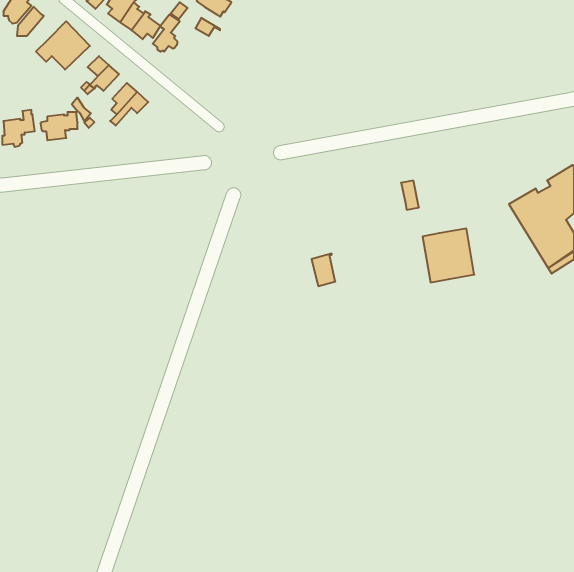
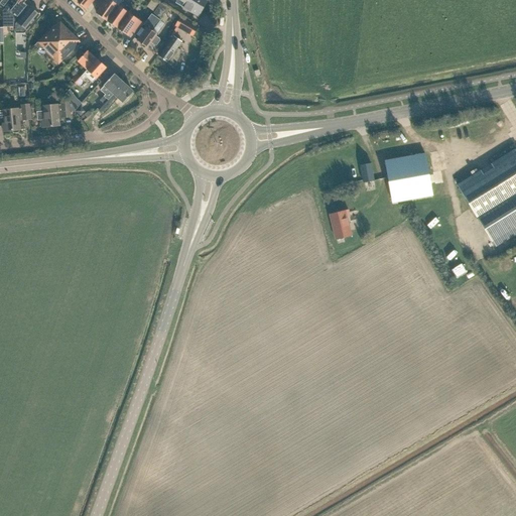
building: none -> [159,35,182,67]
building: [423,229,474,282] -> [385,153,431,202]
building: [312,254,335,286] -> [330,209,351,238]

